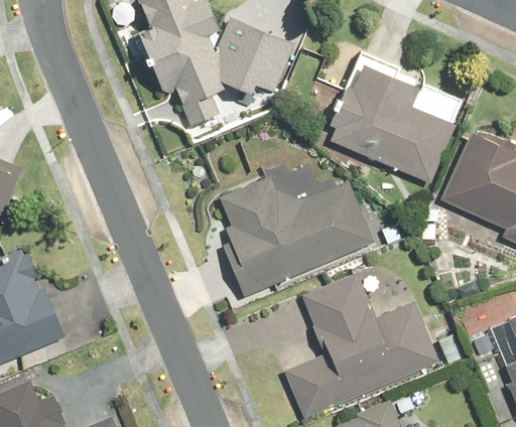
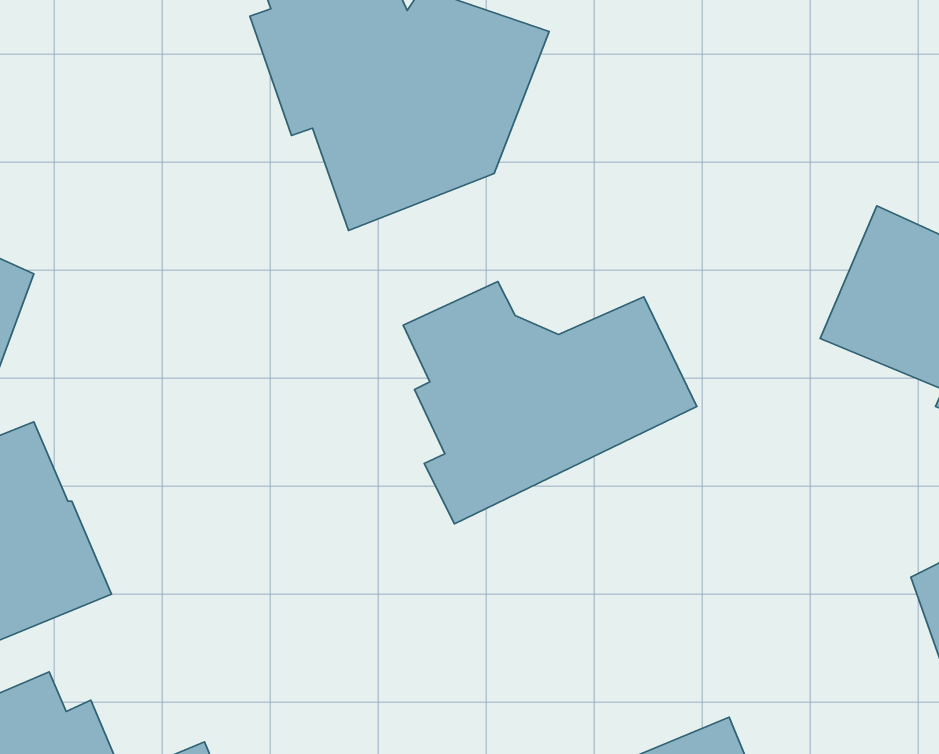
building: [325,63,463,181] -> none
building: [284,273,440,418] -> none

